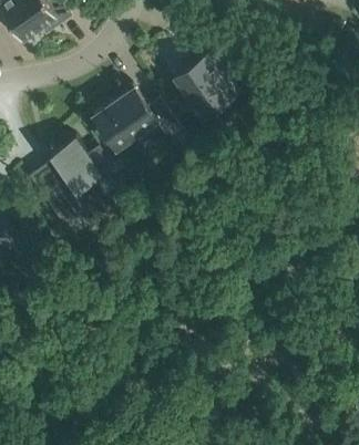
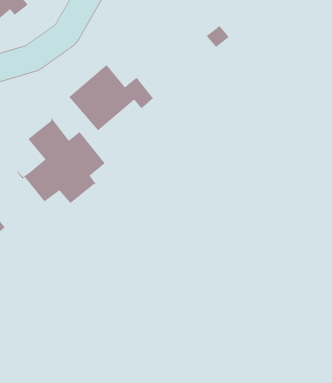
building: [172,59,239,117] -> none

